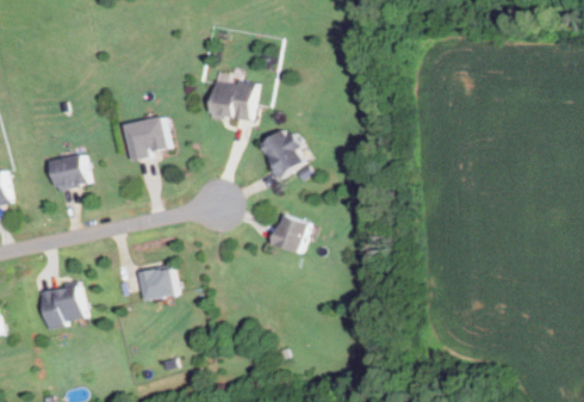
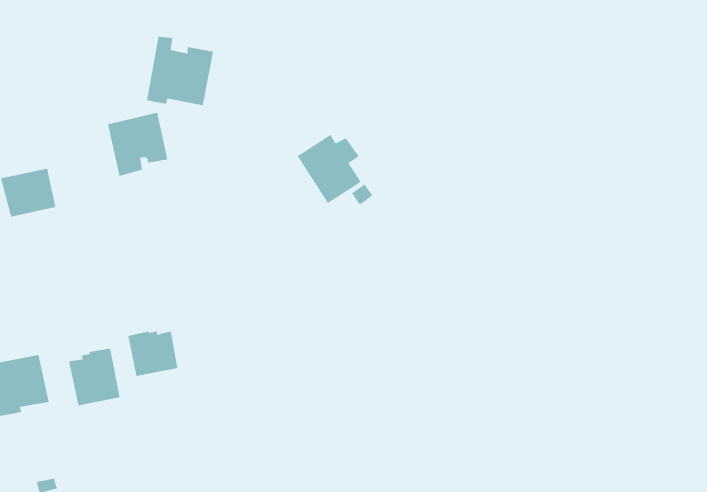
building: [210,72,257,120] -> [146,36,214,106]
building: [273,214,310,254] -> none
building: none -> [69,348,120,406]

